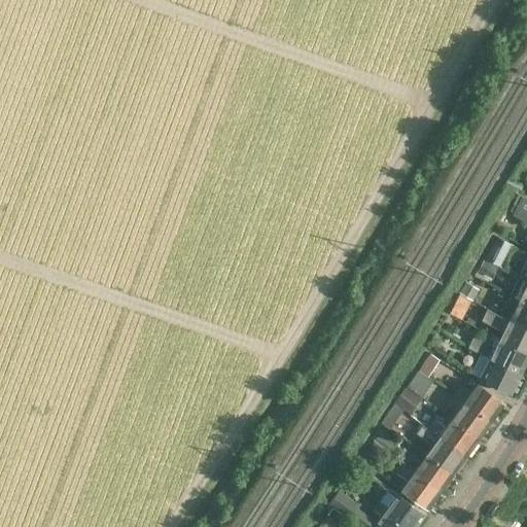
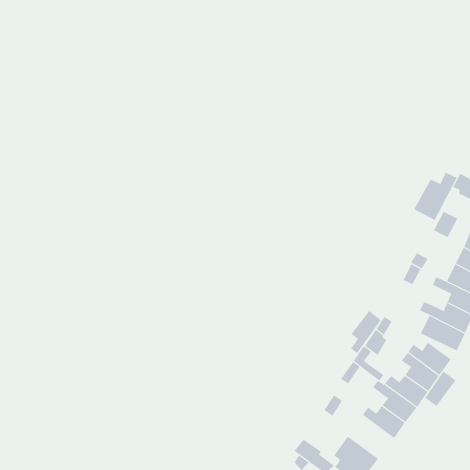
building: none -> [414,172,458,221]
building: none -> [350,310,382,354]
building: none -> [425,371,456,407]
building: [399,464,442,508] -> none

